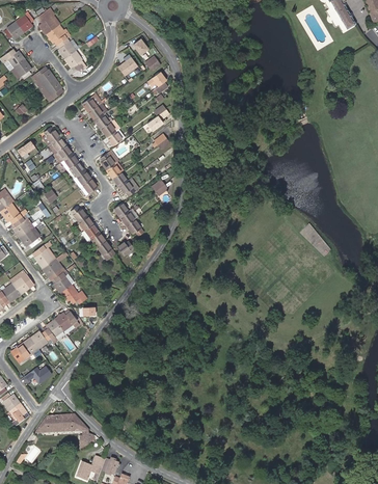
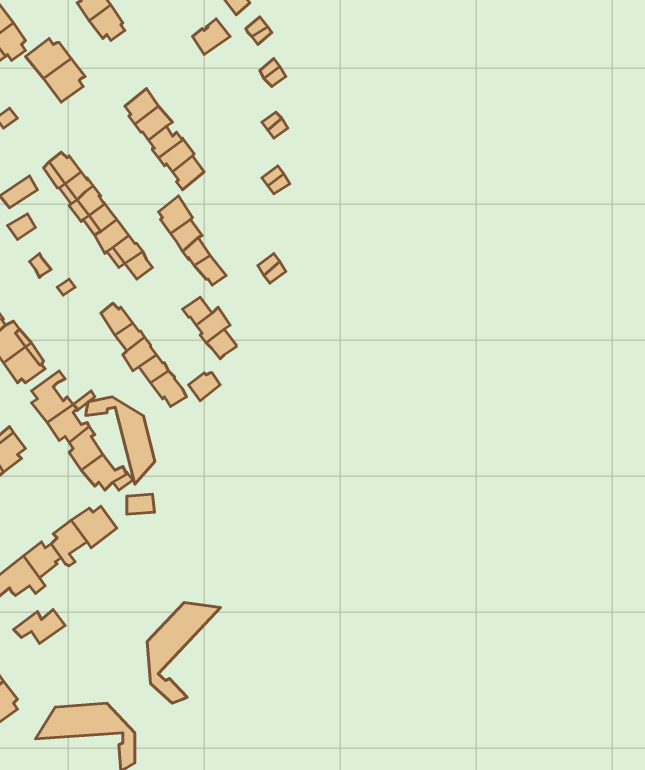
building: none -> [86,397,155,484]
building: none -> [147,602,220,703]

